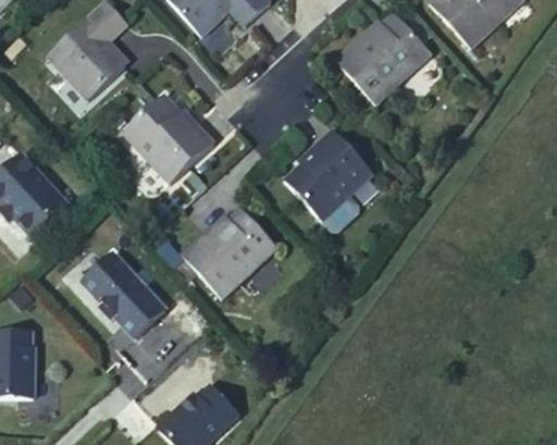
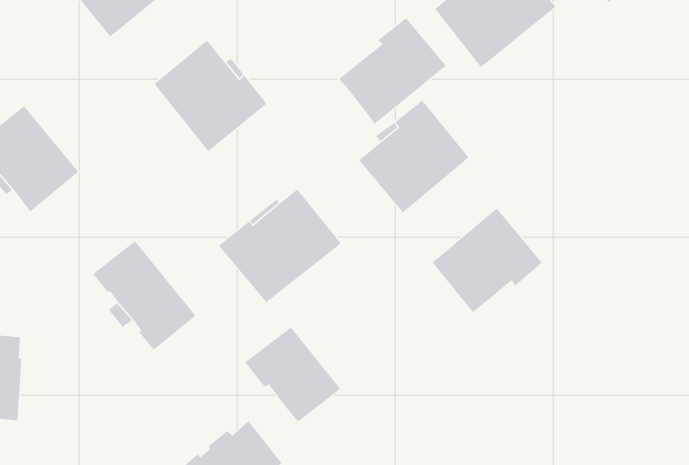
building: none -> [338,17,447,125]
building: none -> [431,208,543,313]
building: none -> [244,326,341,423]

